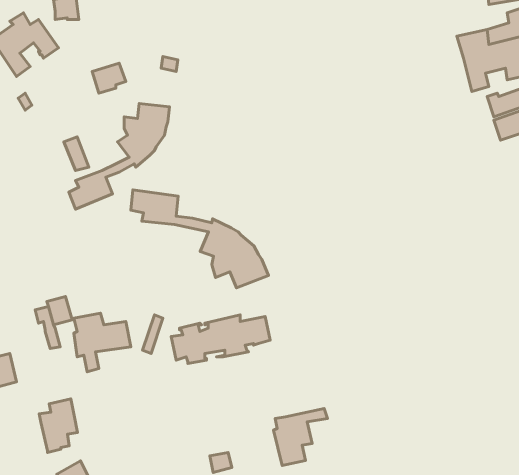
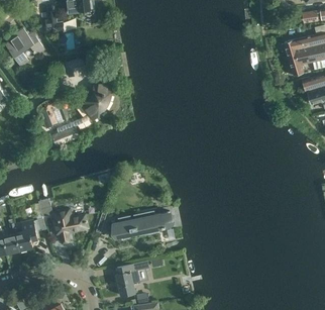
building: [131,190,269,288] -> none
building: [39,399,78,453] -> [14,219,37,251]
building: [274,408,327,465] -> [116,262,148,296]

